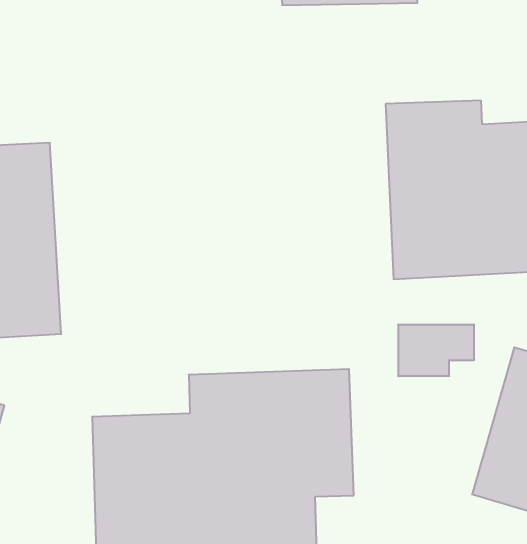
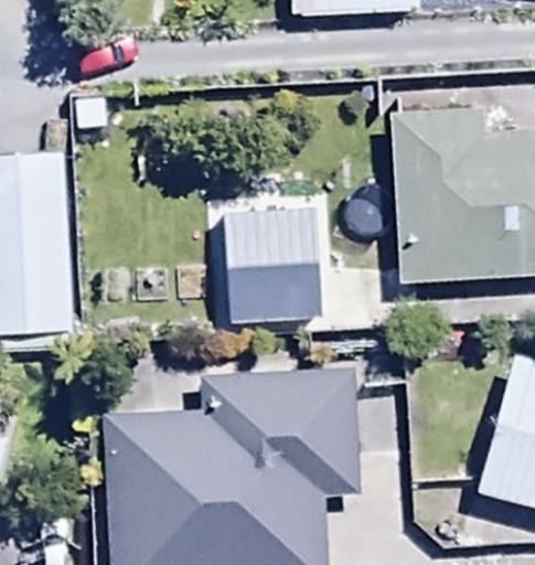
building: none -> [214,201,336,329]

